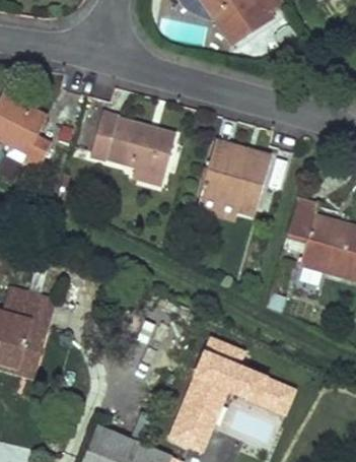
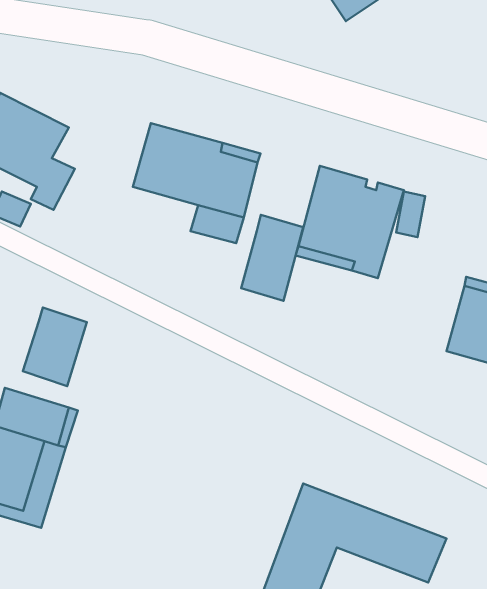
building: none -> [241,215,303,301]
building: none -> [23,307,87,386]

